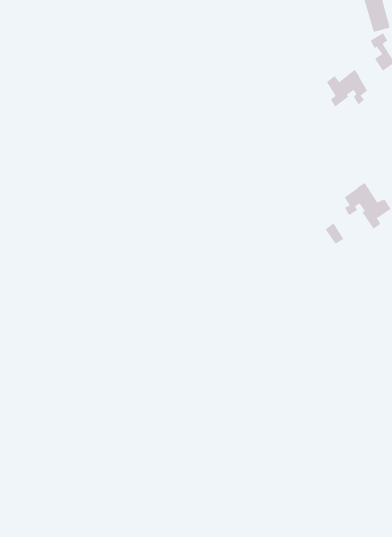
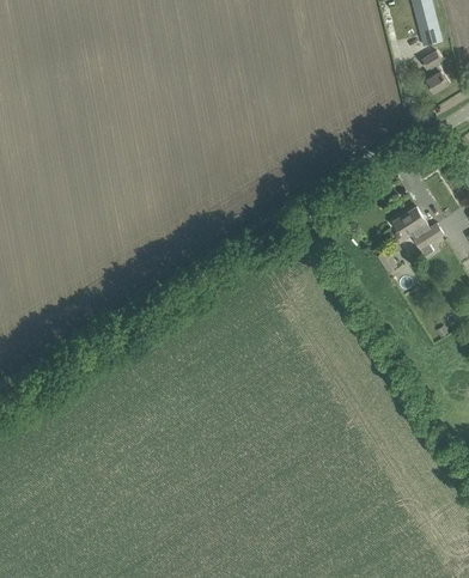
building: [326,69,369,108] -> none

